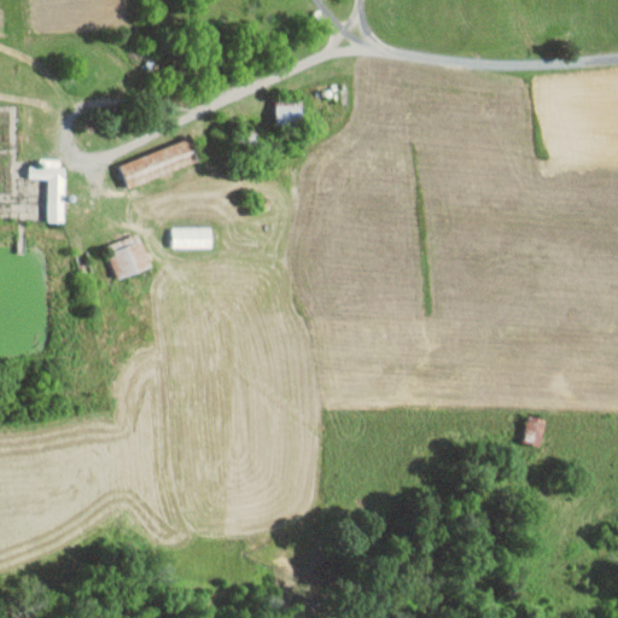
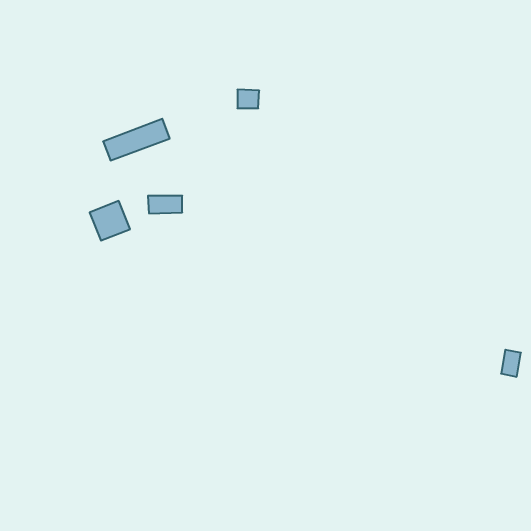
building: [28,159,64,223] -> none
building: [523,415,546,447] -> [501,350,521,377]

